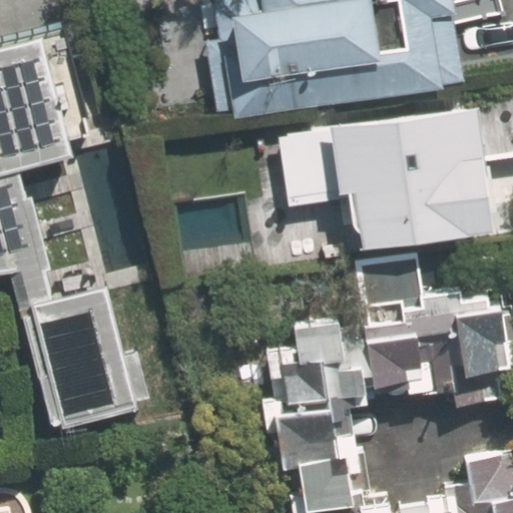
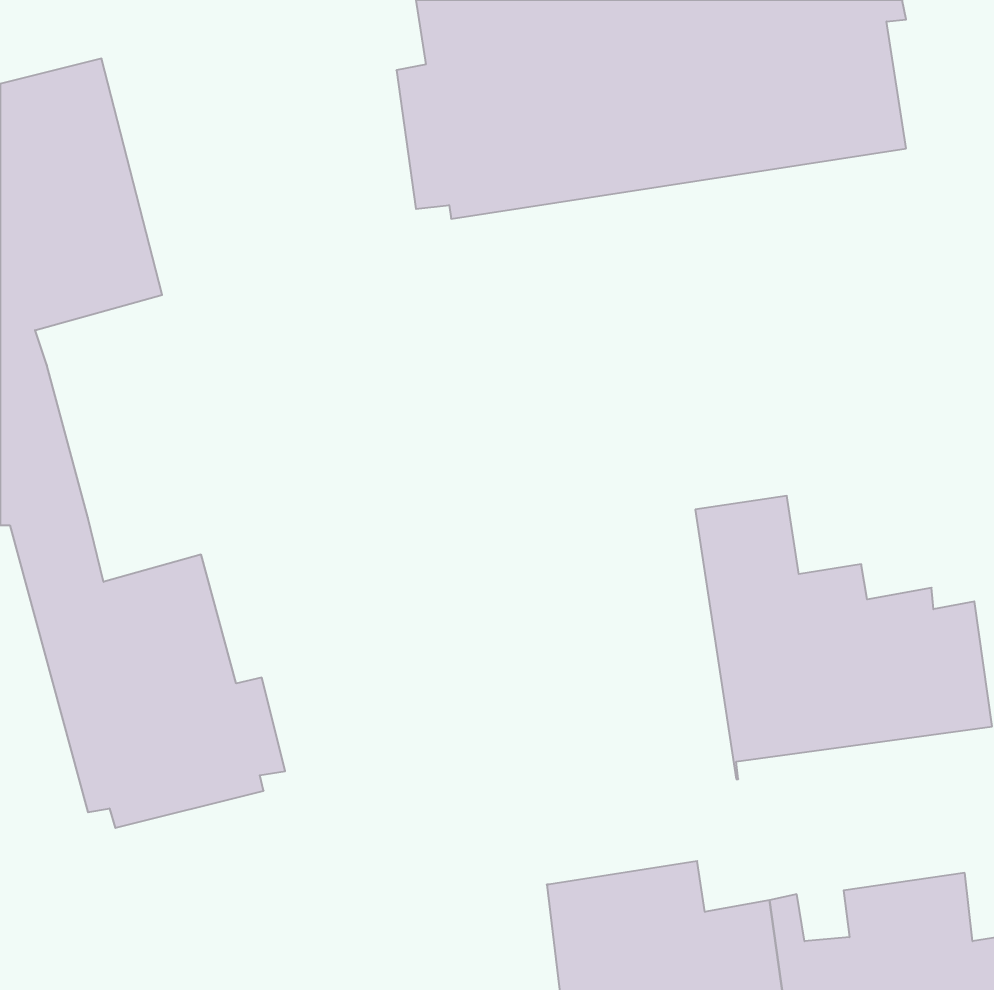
building: [306,110,492,253] -> none
building: [268,266,380,458] -> none

